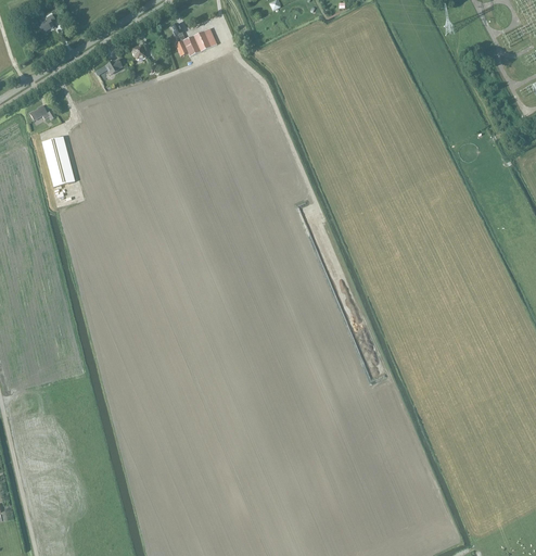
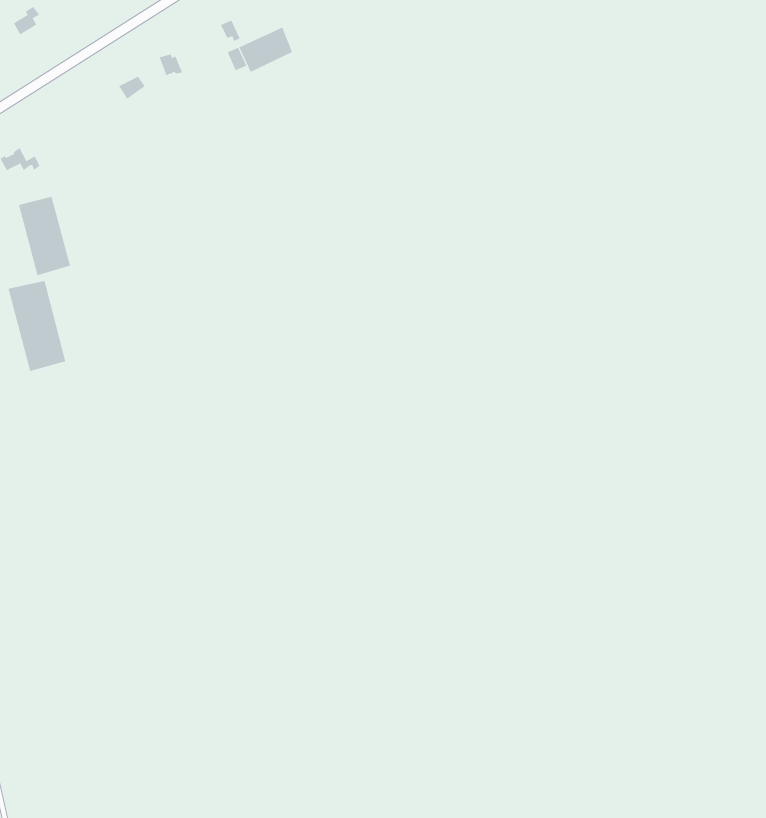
building: none -> [8,280,66,372]

